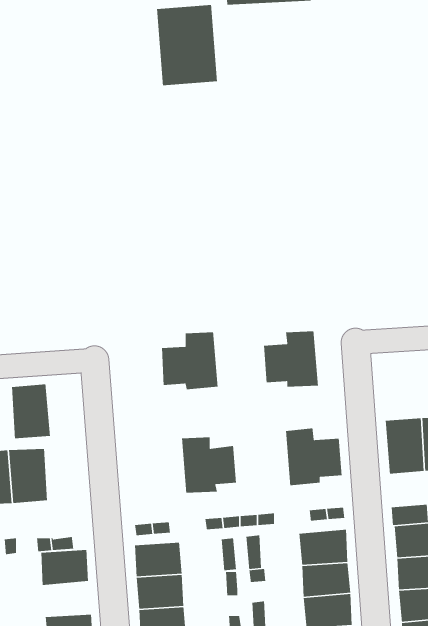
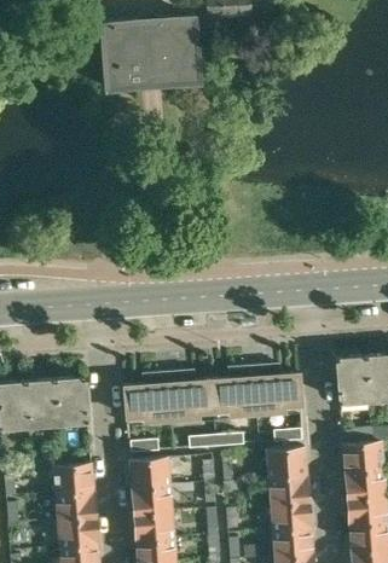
building: none -> [102,19,152,87]
building: [263,330,319,388] -> [212,367,257,414]
building: [161,331,218,390] -> [124,373,172,422]
building: [11,384,51,439] -> [56,379,88,425]
building: none -> [53,492,94,521]

